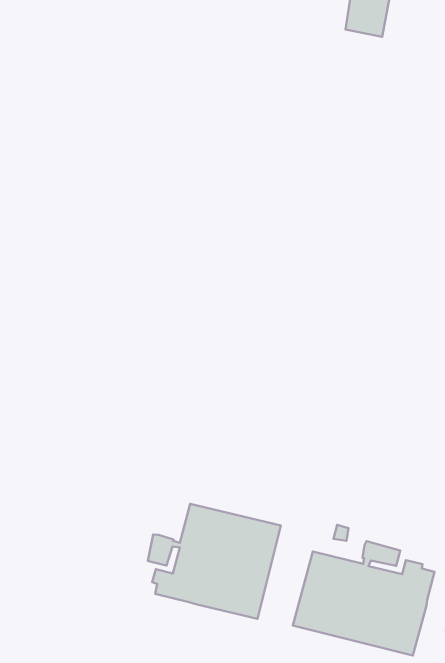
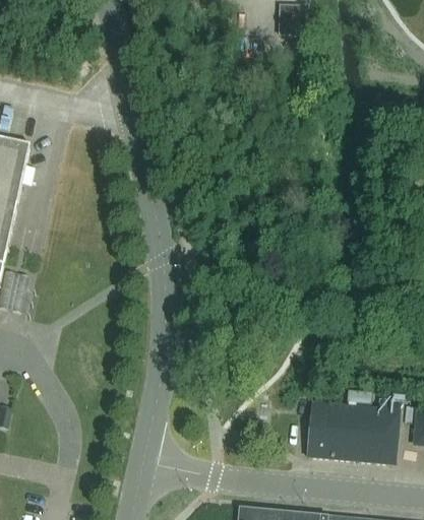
building: [148,504,281,619] -> none

